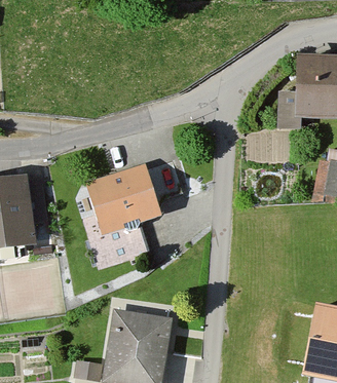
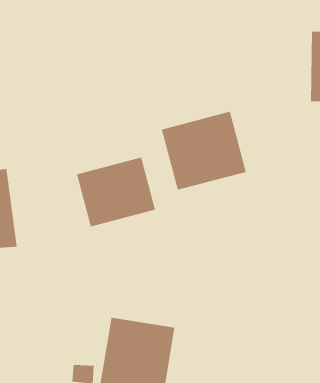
building: none -> [161,111,247,191]

